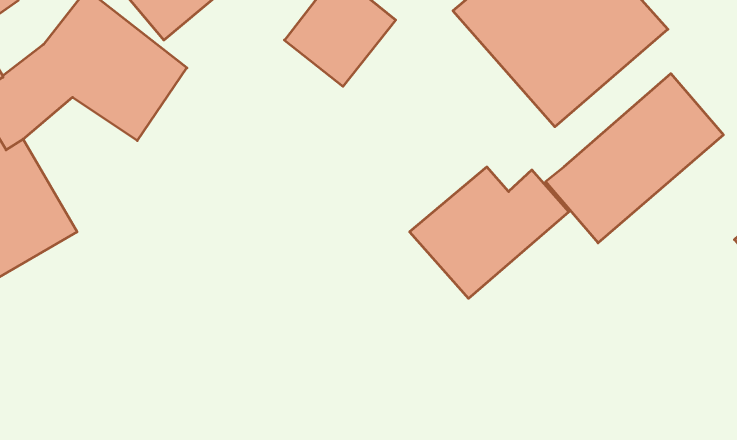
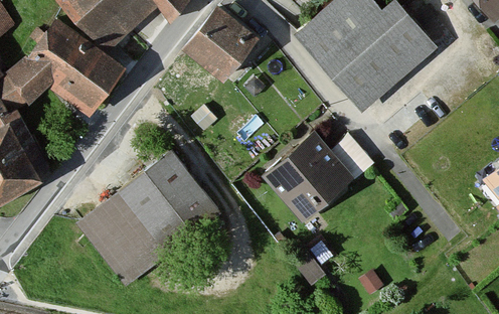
building: [546,74,723,243] -> none
building: none -> [84,155,215,281]

